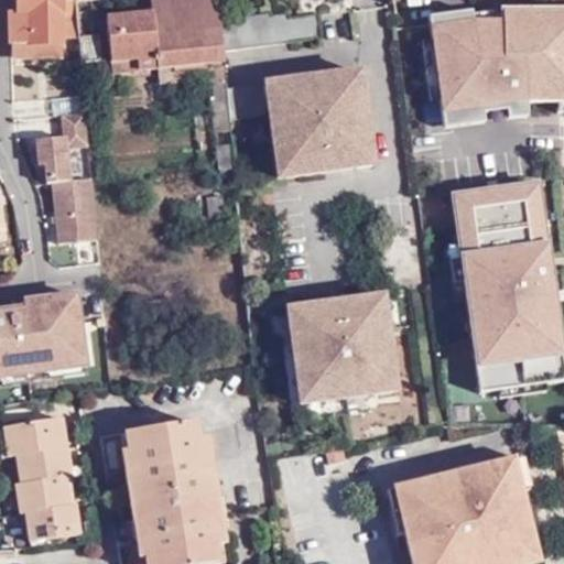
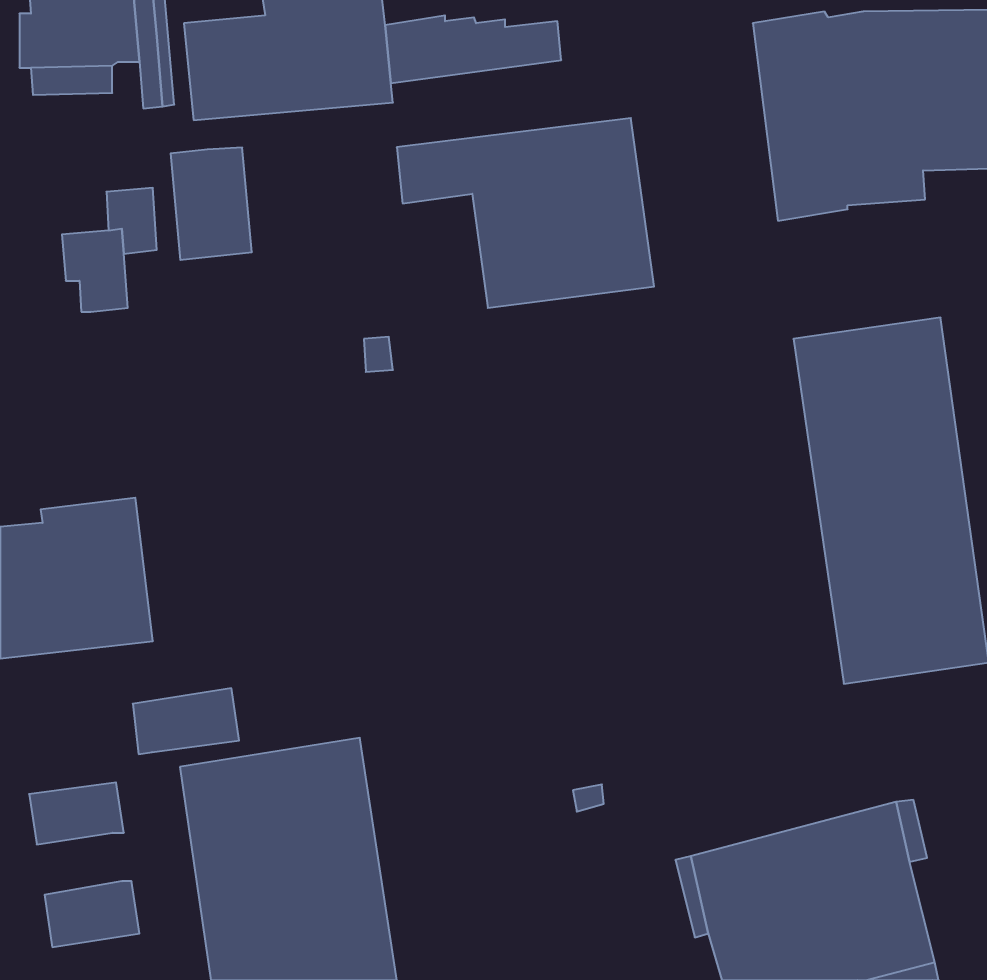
building: [53,174,99,238] -> [171,148,252,260]
building: [288,294,395,401] -> none
building: [7,415,67,453] -> [133,688,239,754]
building: [18,474,70,510] -> none

